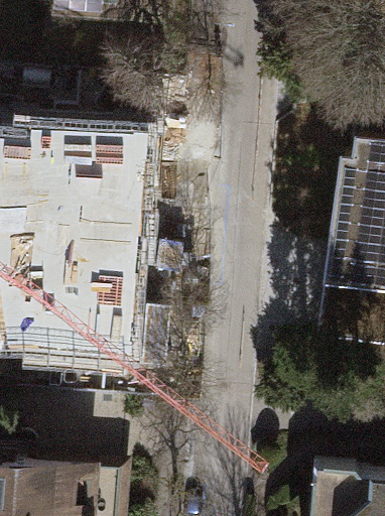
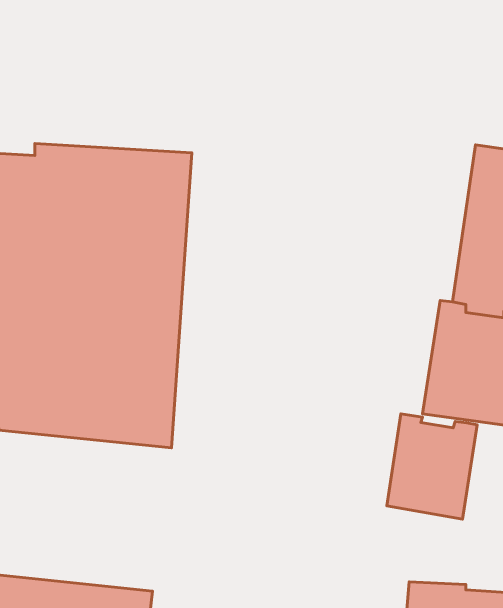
building: none -> [387,414,477,519]

